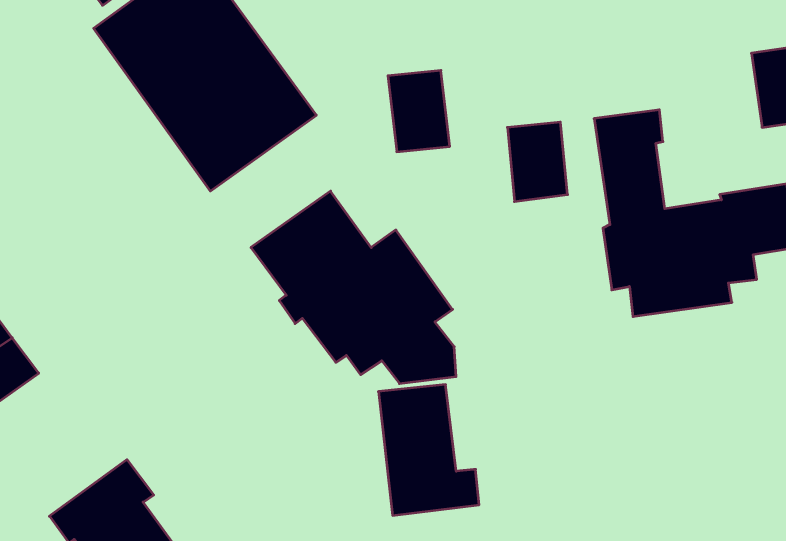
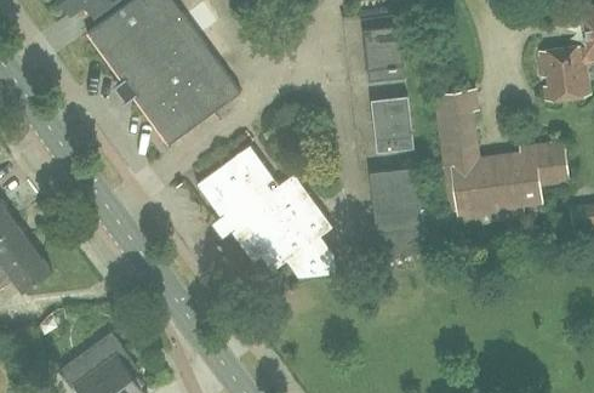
building: [388,70,450,152] -> [362,27,405,82]
building: [378,385,479,515] -> [369,167,438,257]

